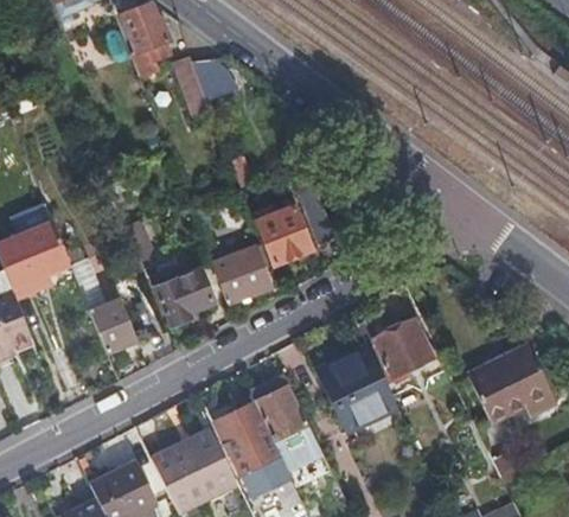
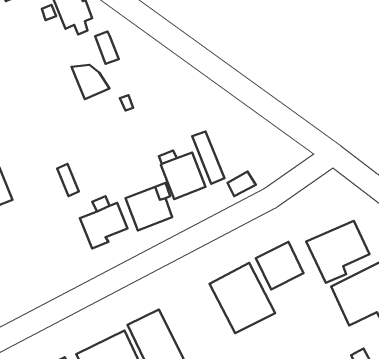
building: [192,59,239,102] -> [71,65,110,99]
building: [73,260,139,355] -> none
building: none -> [306,221,369,283]
building: [249,379,315,458] -> none

